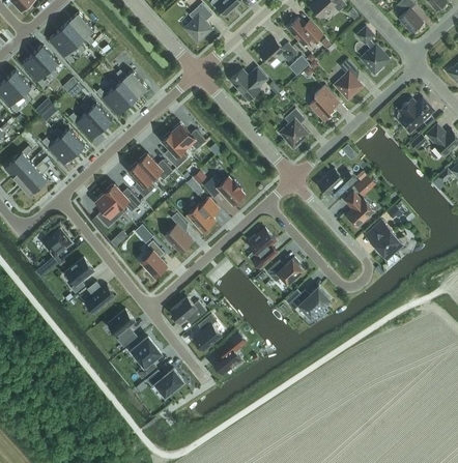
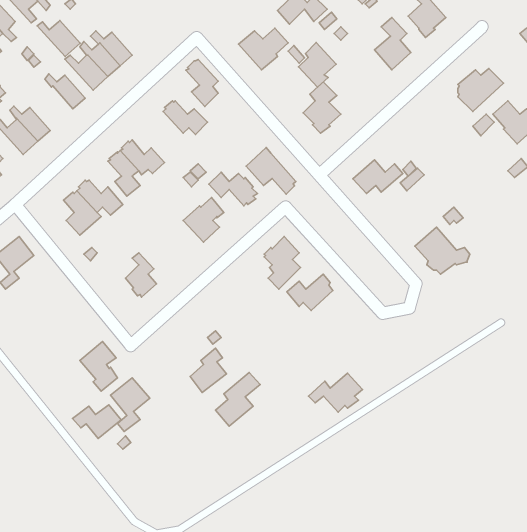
building: [310,86,339,120] -> [299,43,336,87]
building: [69,112,103,140] -> [37,20,80,57]
building: [163,132,188,168] -> [186,59,218,107]
building: none -> [246,147,296,194]
building: [345,192,375,227] -> none
building: [165,212,193,253] -> none
building: [65,256,93,292] -> none
building: [85,281,116,313] -> none
building: [289,287,331,317] -> [309,373,362,412]
building: [171,296,207,321] -> none
building: [146,369,183,395] -> [73,405,121,439]

